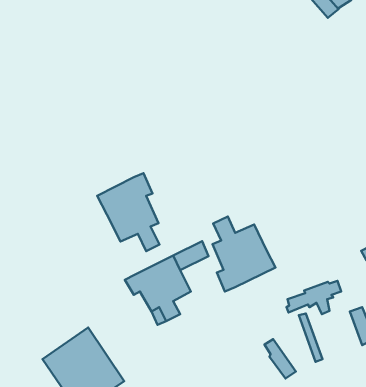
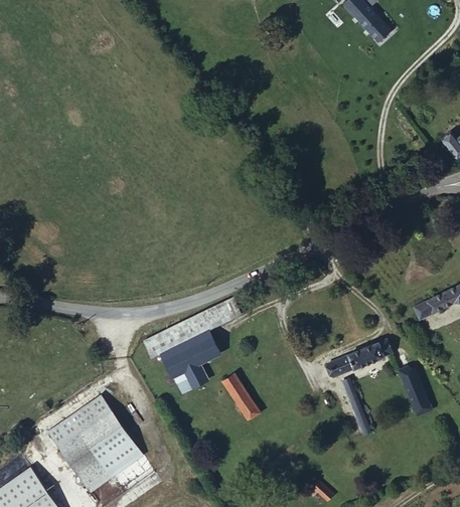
building: [97,173,160,251] -> none
building: [213,217,275,292] -> none
building: [264,339,296,379] -> [223,376,260,421]

